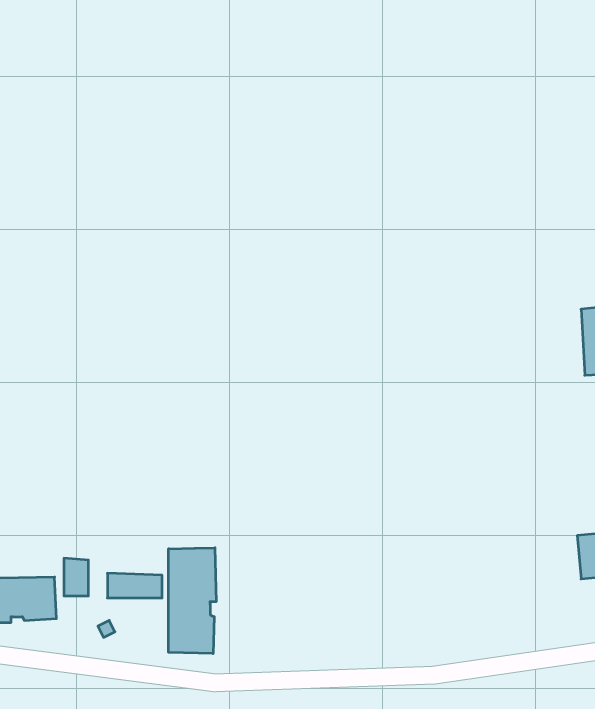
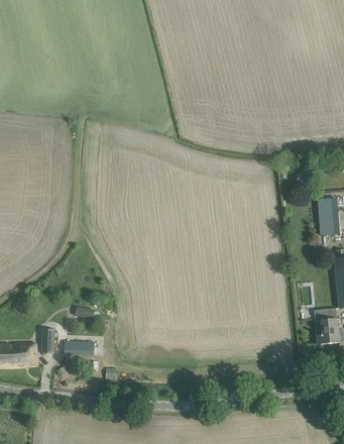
building: [169,548,216,654] -> none

